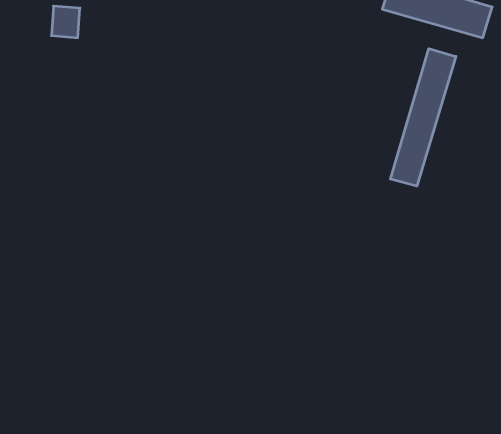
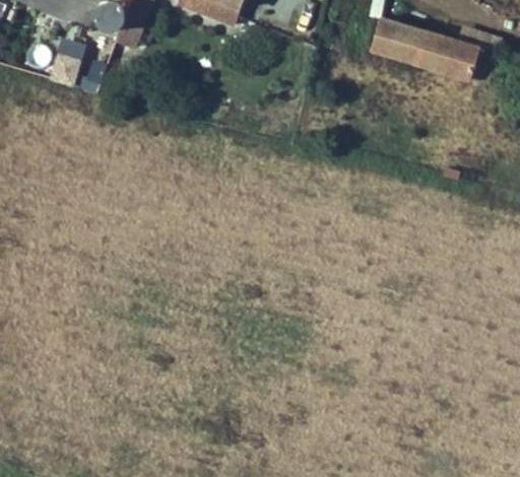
building: [390,49,456,186] -> none

